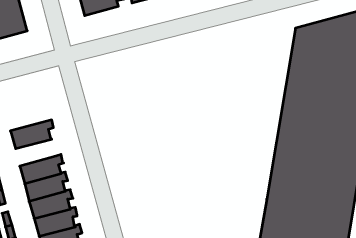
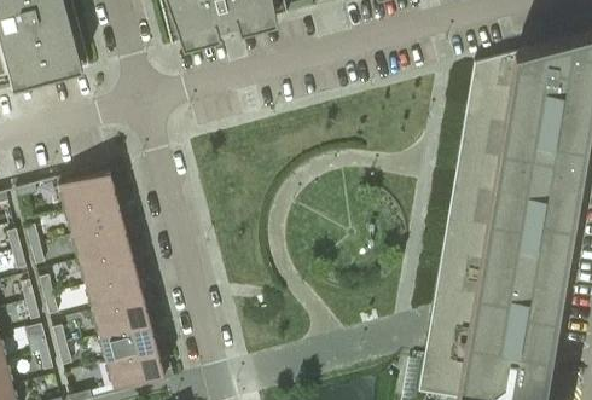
building: none -> [57,170,124,215]
building: none -> [72,224,134,266]

